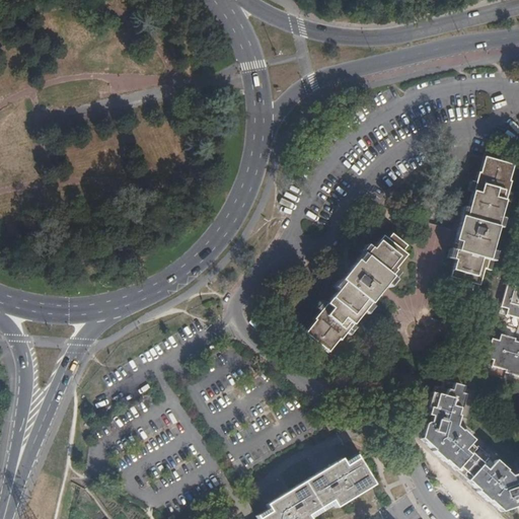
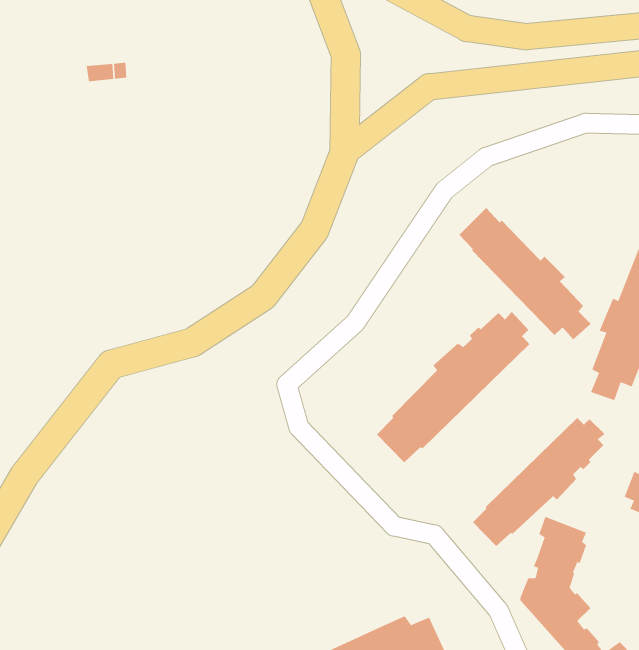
building: none -> [459,207,592,340]
building: none -> [472,417,606,547]

